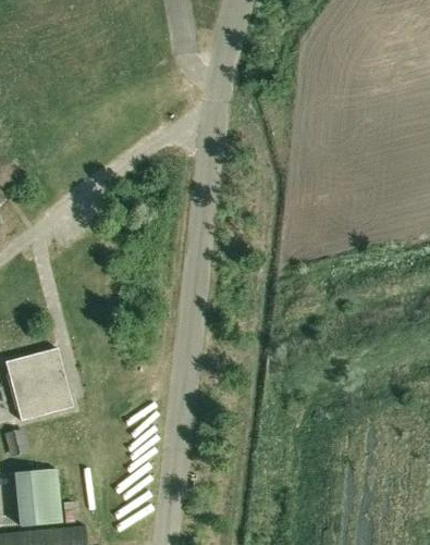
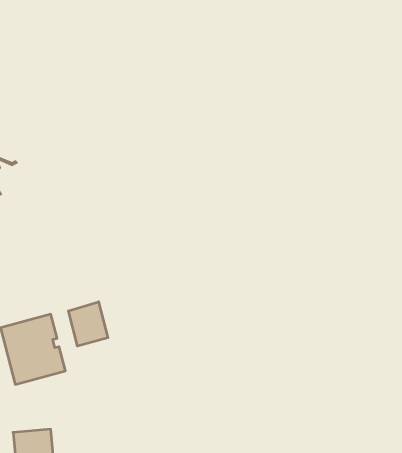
building: none -> [68,302,108,346]

